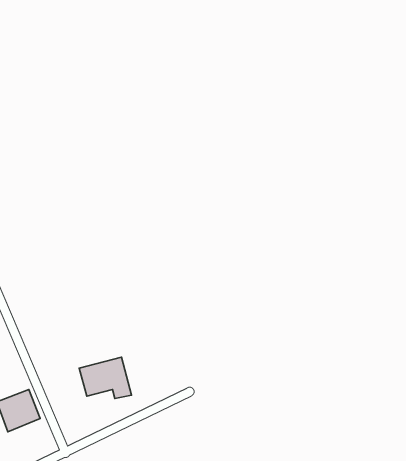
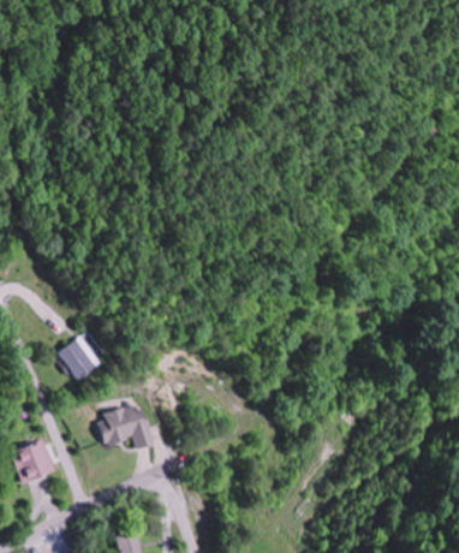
building: none -> [59,335,103,380]

